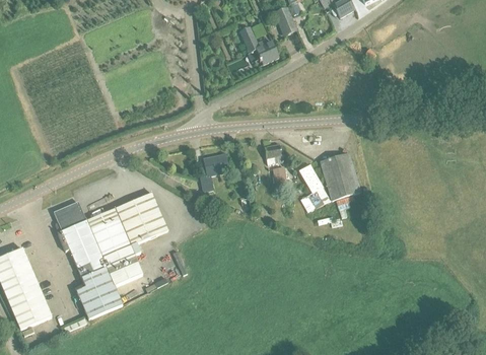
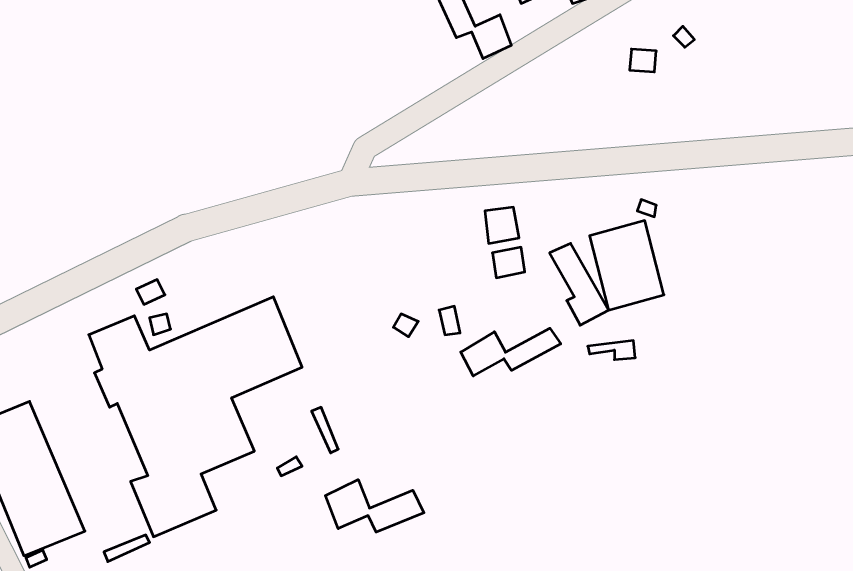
building: [197,153,228,192] -> none
building: none -> [461,328,561,376]
building: none -> [325,480,424,532]

